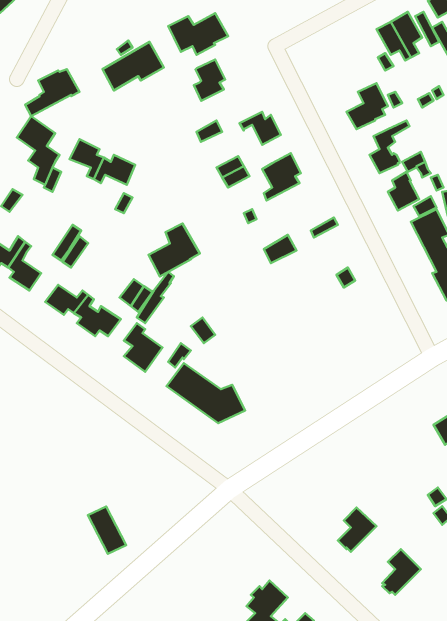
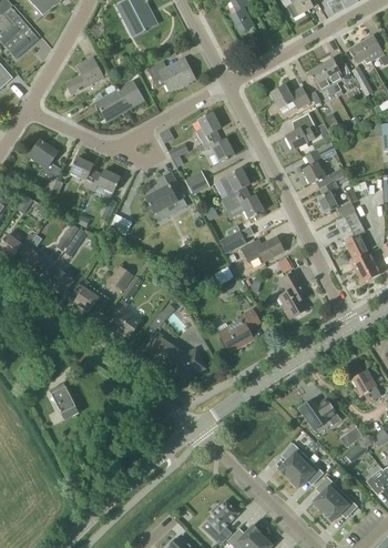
building: none -> [270,84,310,109]
building: [194,59,225,101] -> [196,112,221,144]
building: [25,69,80,116] -> [67,57,109,93]
building: none -> [223,191,264,217]
building: [148,224,200,276] -> [145,172,185,213]
building: none -> [241,236,285,262]
building: none -> [280,272,308,318]
building: none -> [218,308,261,352]
building: none -> [299,397,330,429]
building: [88,507,126,554] -> [49,383,79,419]
building: none -> [288,457,324,487]
building: none -> [323,490,357,521]

